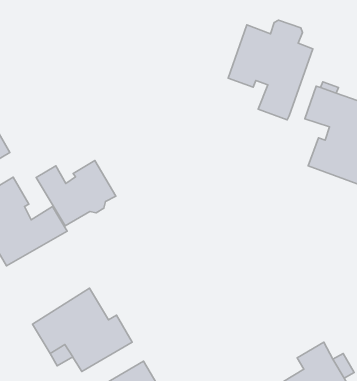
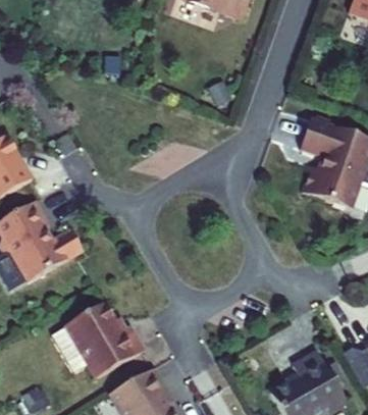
building: [228,20,313,120] -> none
building: [36,161,116,226] -> none

